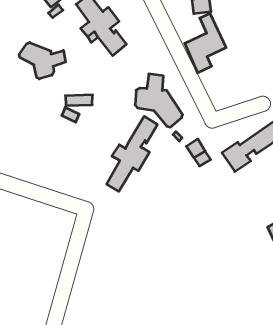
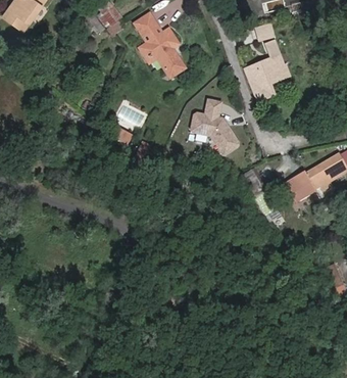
building: [19,42,66,79] -> none
building: [107,116,157,191] -> none

